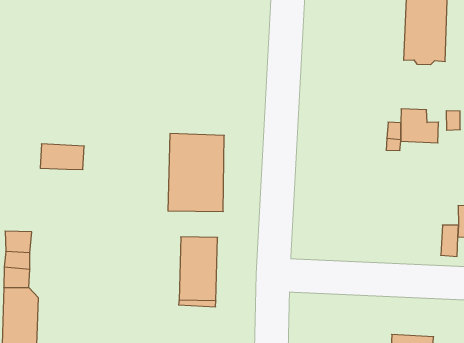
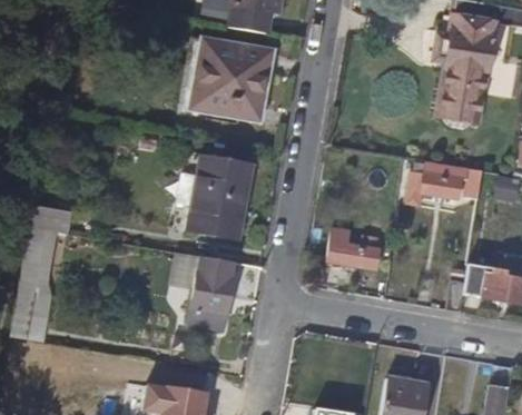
building: none -> [180,40,270,120]
building: [40,144,84,169] -> [29,205,75,235]
building: none -> [331,229,380,269]

